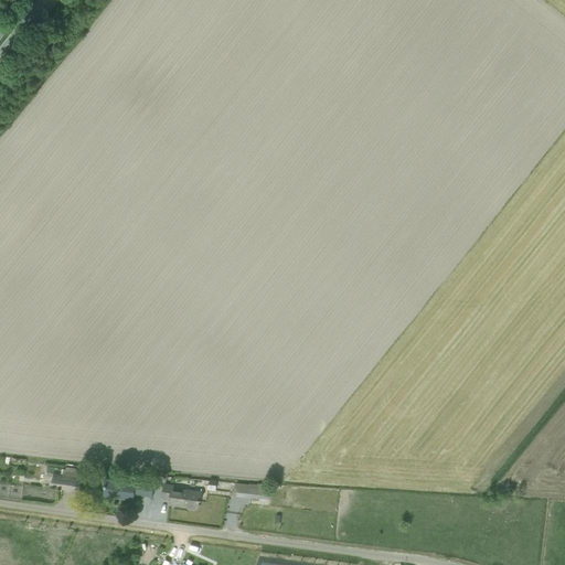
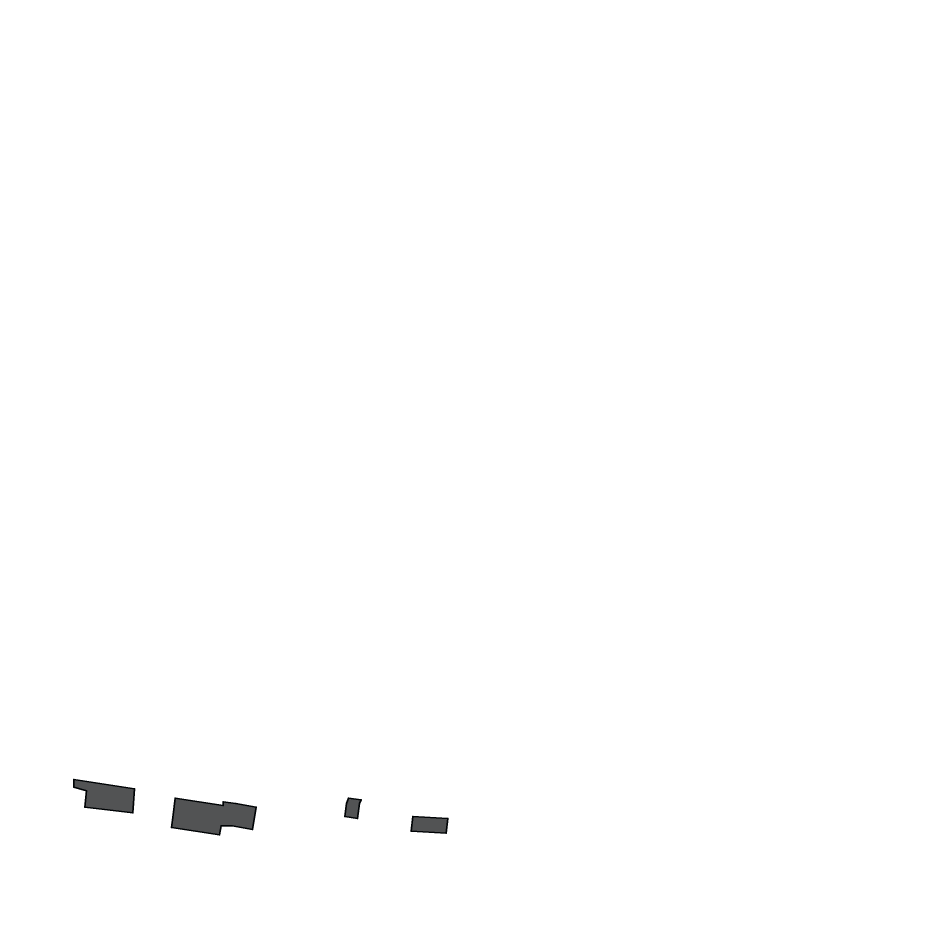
building: [161,484,201,509] -> none

